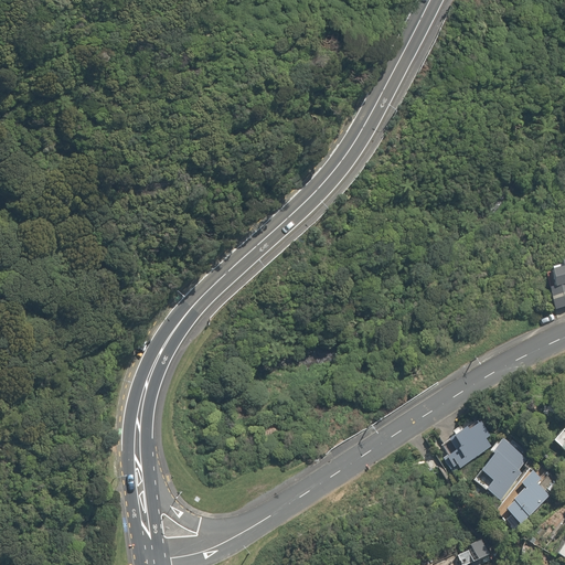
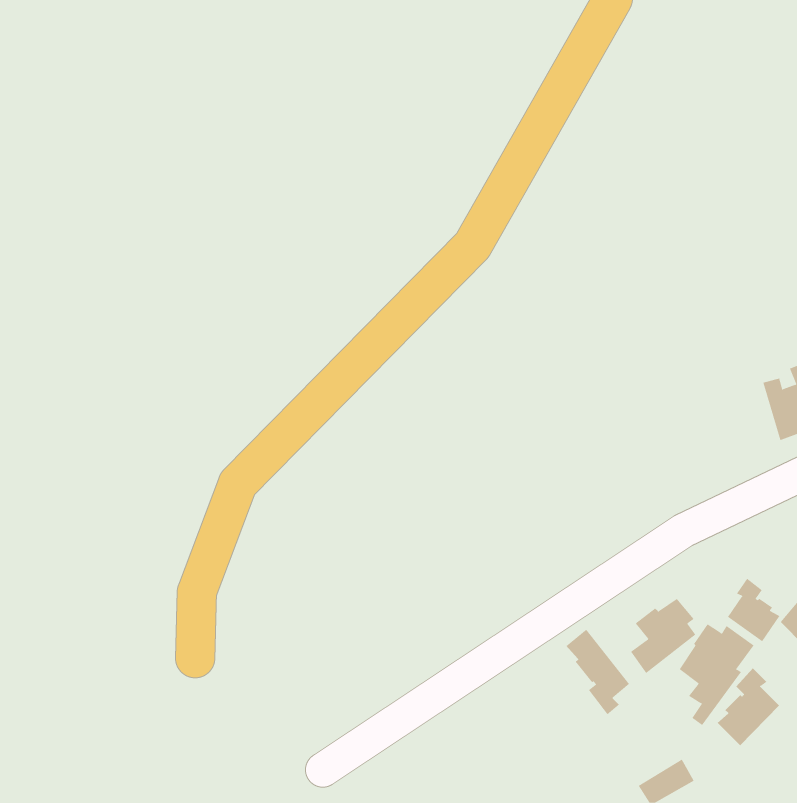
building: none -> [727,578,780,642]
building: none -> [566,629,630,715]

